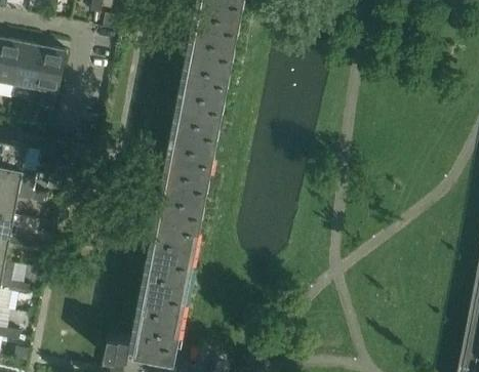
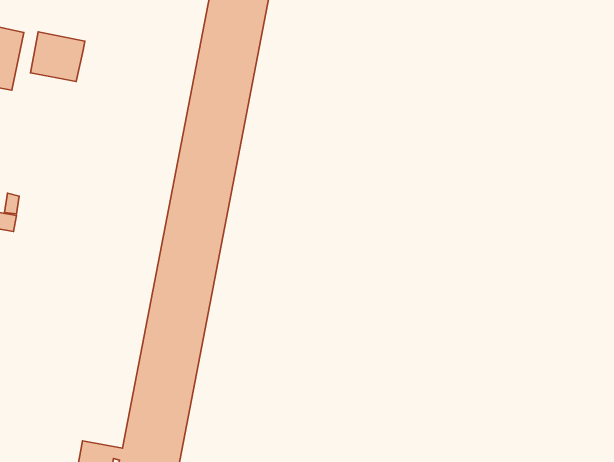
building: none -> [30,32,85,82]

